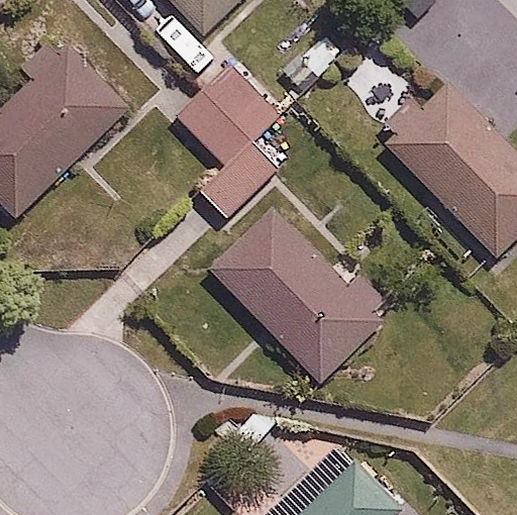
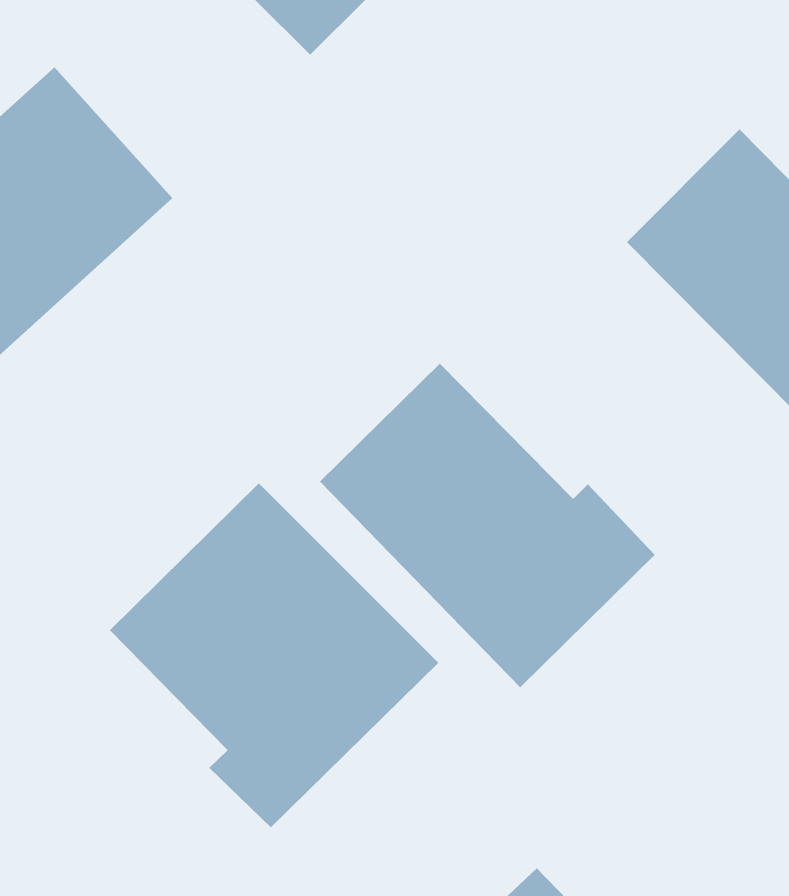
building: [177,64,280,218] -> none
building: none -> [109,483,439,828]

